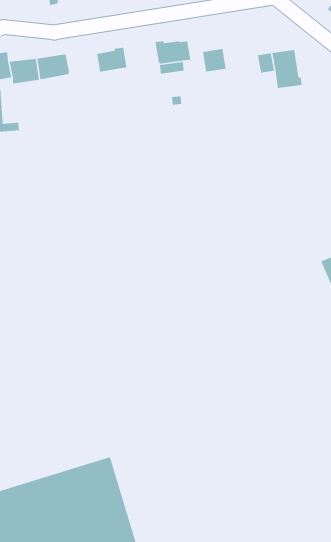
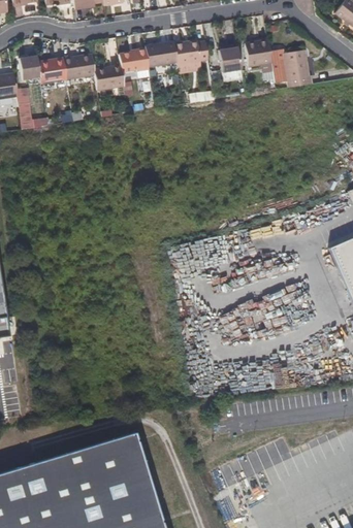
building: none -> [243,40,269,67]
building: none -> [143,41,175,67]
building: none -> [93,66,123,91]

